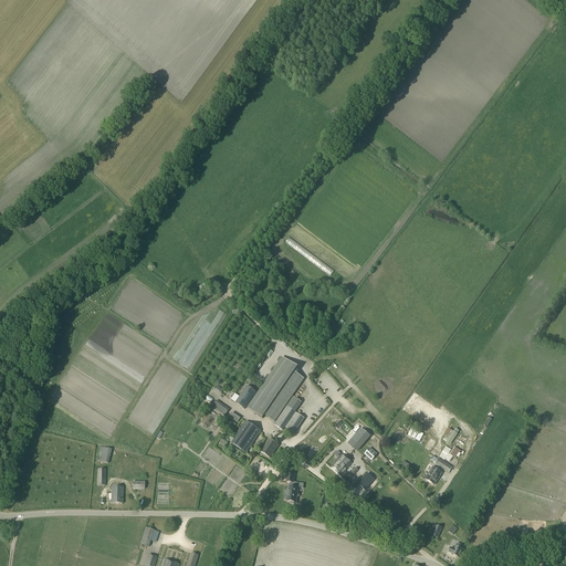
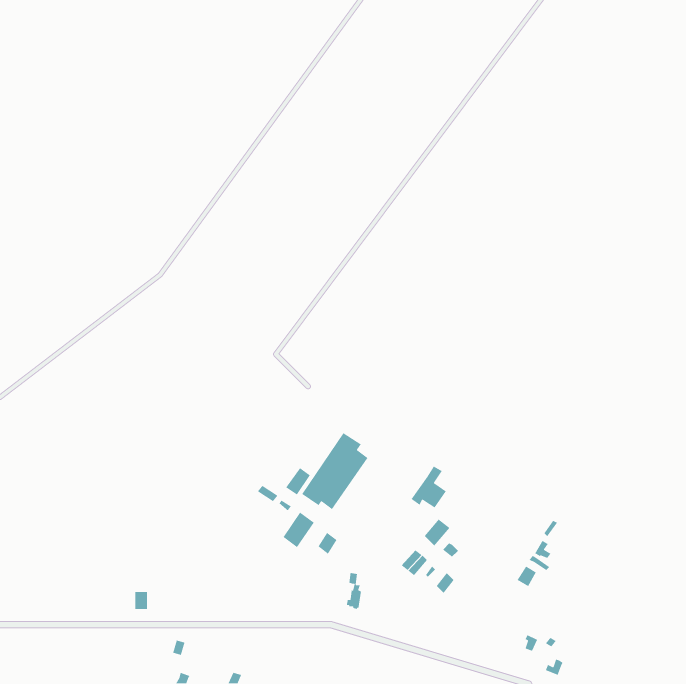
building: [275,395,305,430] -> [411,465,447,509]

